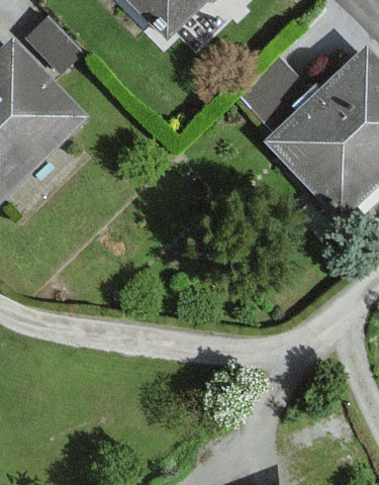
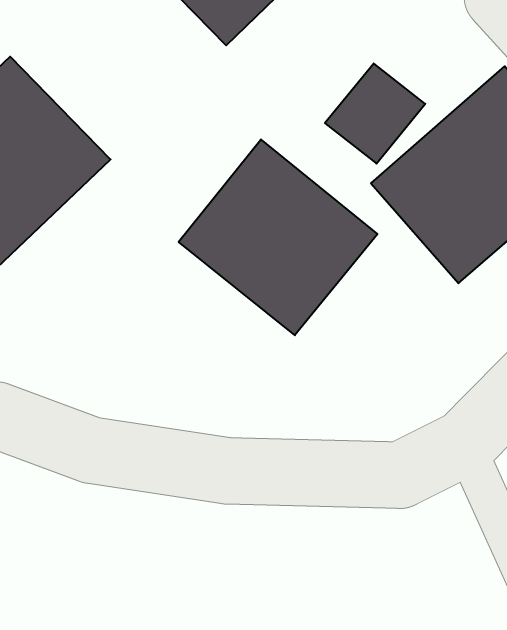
building: none -> [179,139,377,335]

